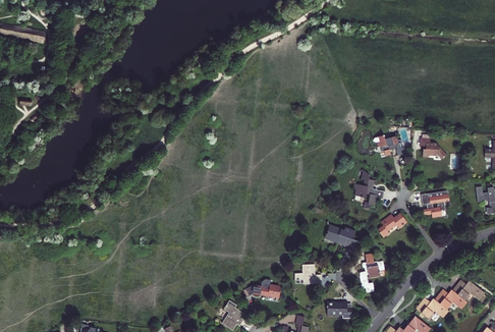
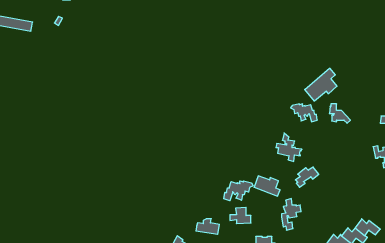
building: none -> [305,68,337,101]
building: [421,191,449,219] -> none
building: none -> [224,181,253,201]

